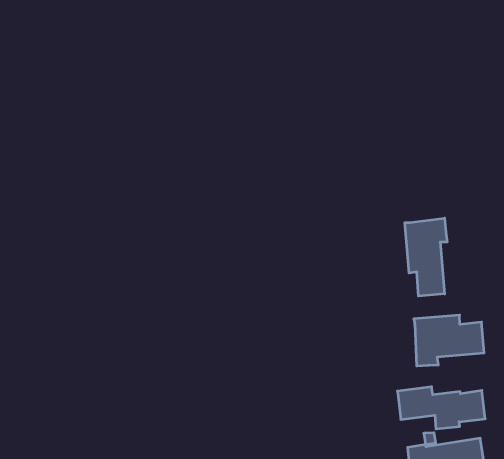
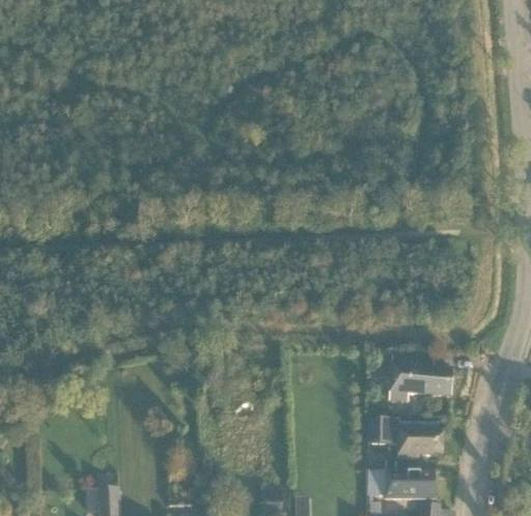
building: [405,218,447,296] -> none

